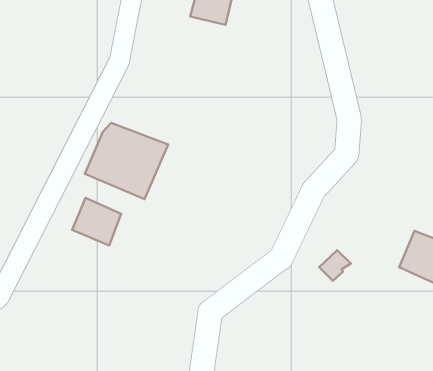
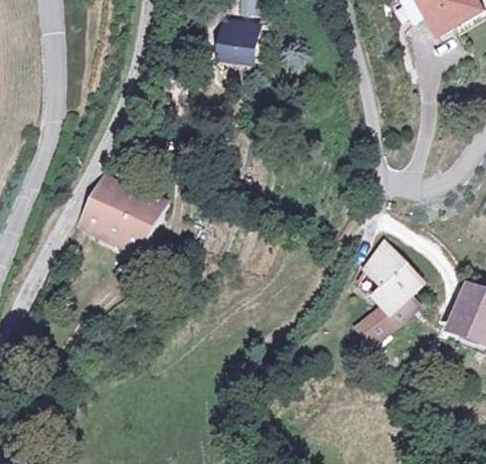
building: none -> [362,240,423,315]
building: [72,198,121,246] -> none

